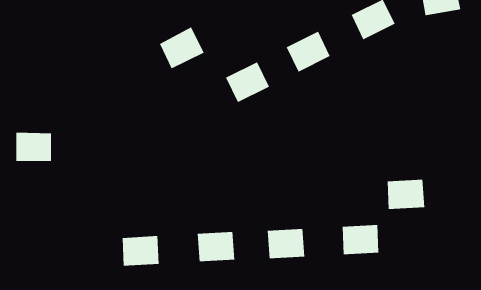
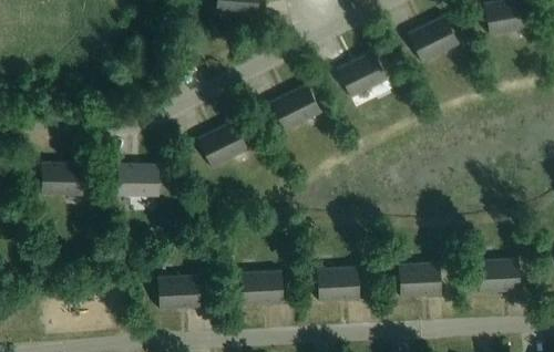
building: [159,26,205,69] -> [198,121,248,167]
building: none -> [117,165,158,196]
building: [387,179,425,210] -> [478,259,520,292]

